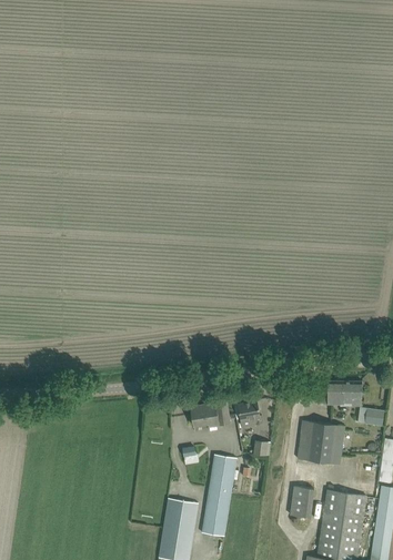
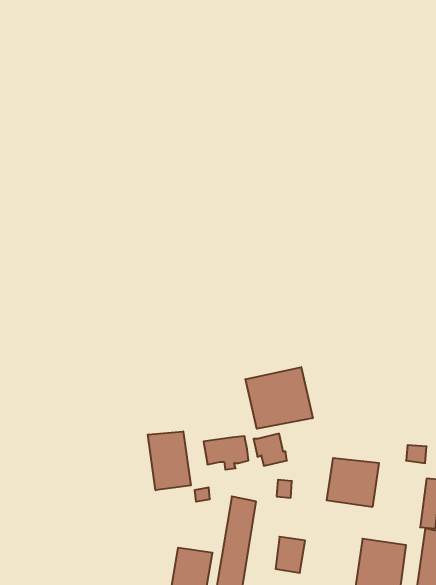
building: none -> [245,367,313,429]
building: [318,381,361,407] -> none
building: none -> [148,431,191,490]
building: [289,487,314,518] -> [276,537,305,573]

